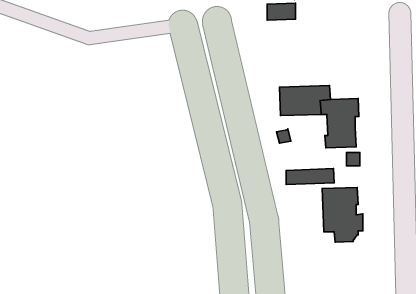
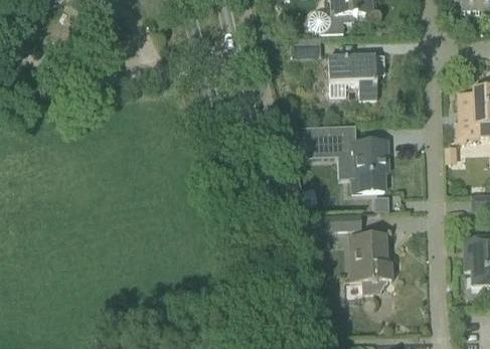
building: none -> [328,54,376,99]

